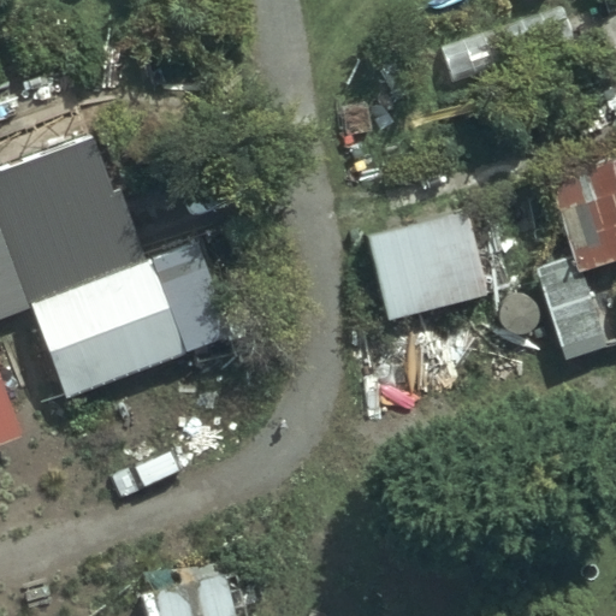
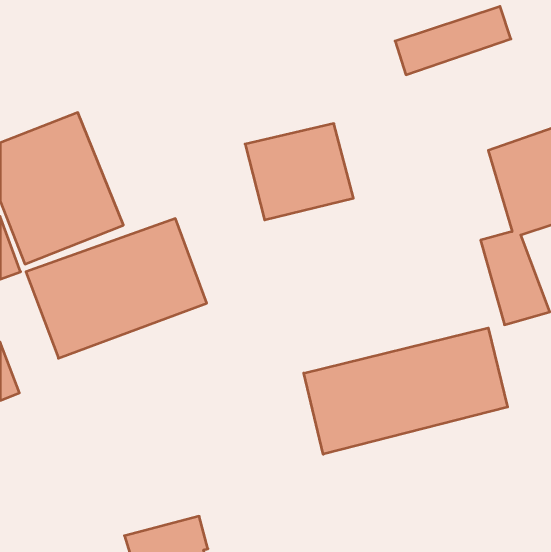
building: [368,213,488,320] -> [245,124,353,220]
building: none -> [304,328,508,454]

